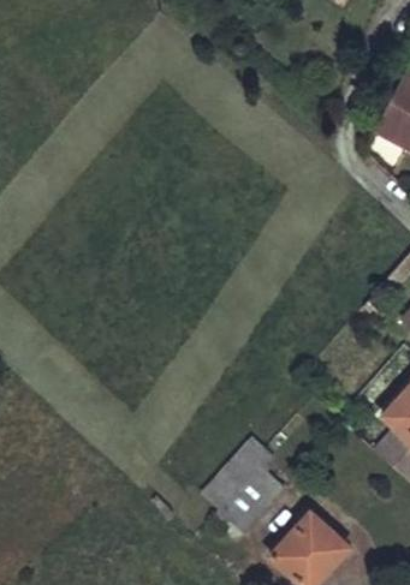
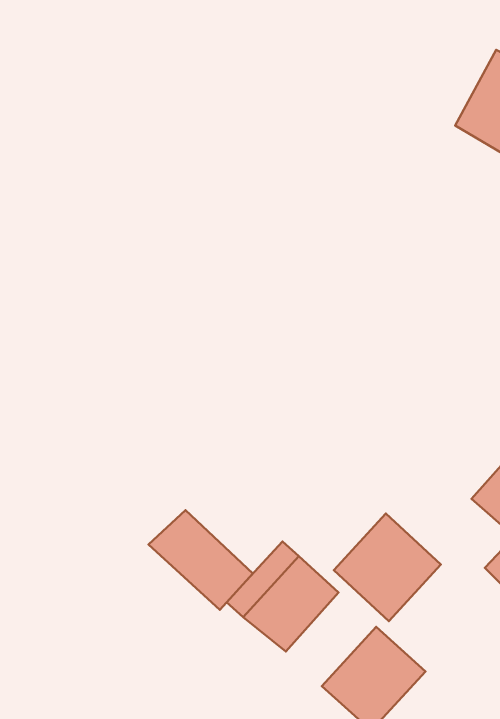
building: none -> [149,510,253,610]
building: none -> [334,514,441,621]

